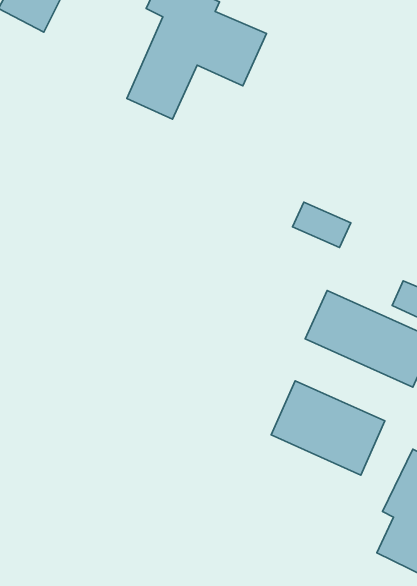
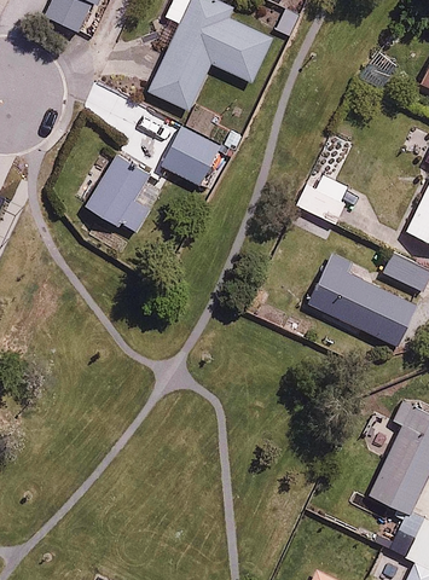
building: none -> [163,127,220,185]
building: none -> [91,150,158,233]
building: [271,381,385,475] -> none

